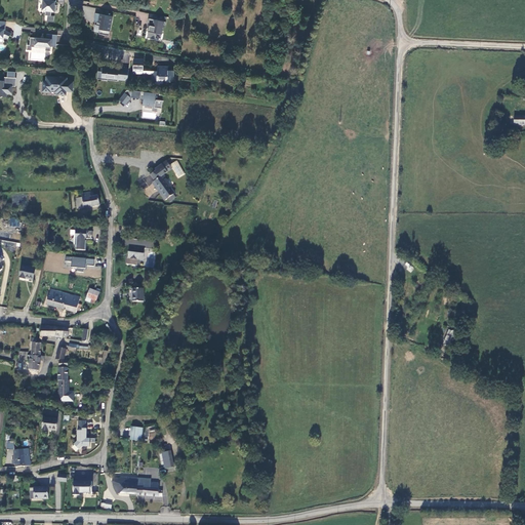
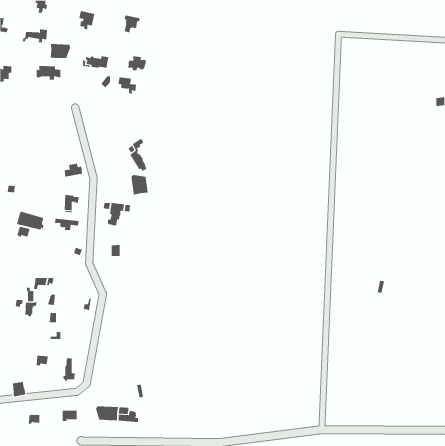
building: none -> [50,43,71,59]
building: none -> [131,174,148,196]
building: [46,289,79,312] -> [16,211,44,230]

